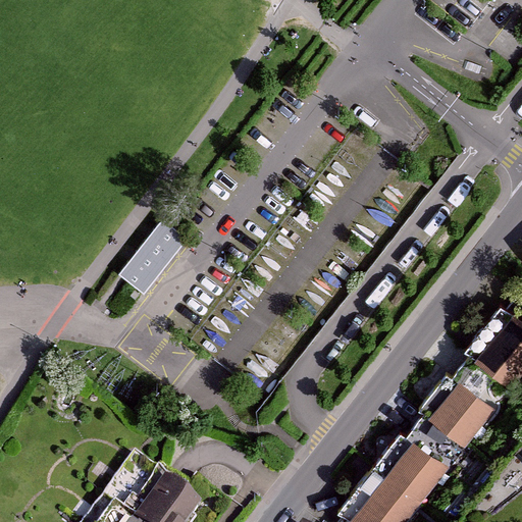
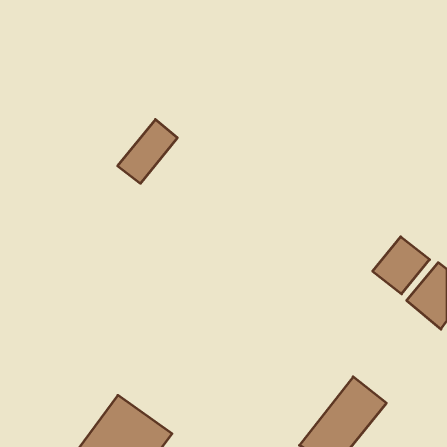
building: [117,223,187,298] -> [118,119,177,183]
building: [426,379,492,446] -> [373,237,430,294]

